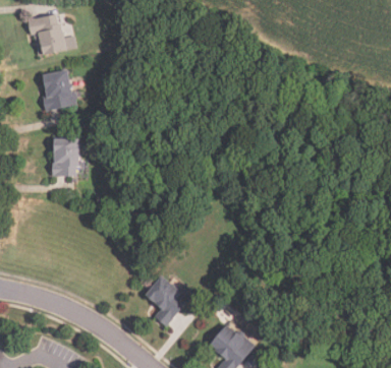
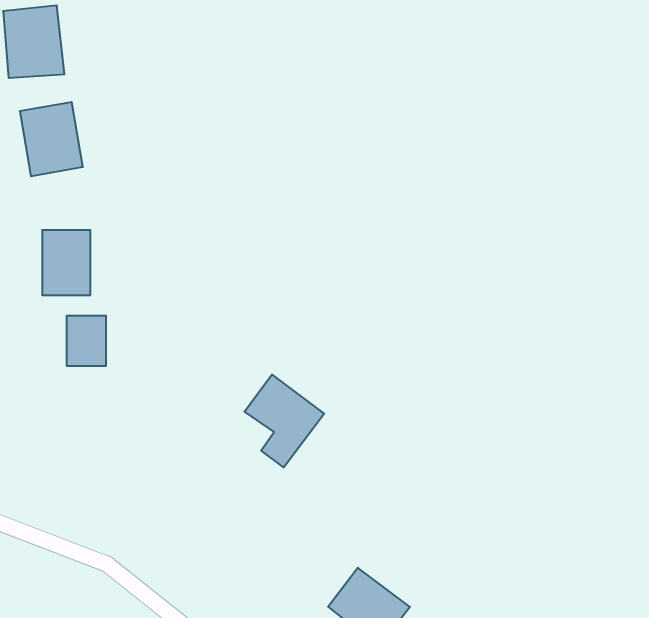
building: none -> [67,316,106,366]
building: [145,275,188,326] -> [244,375,324,467]

